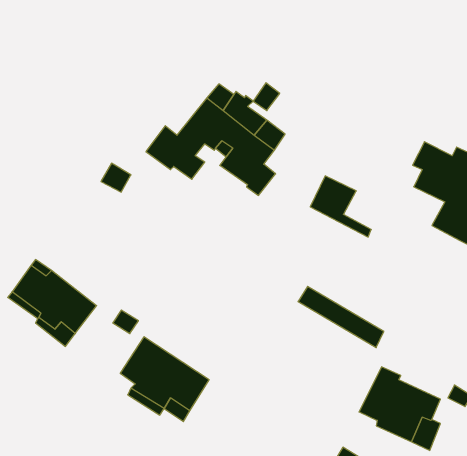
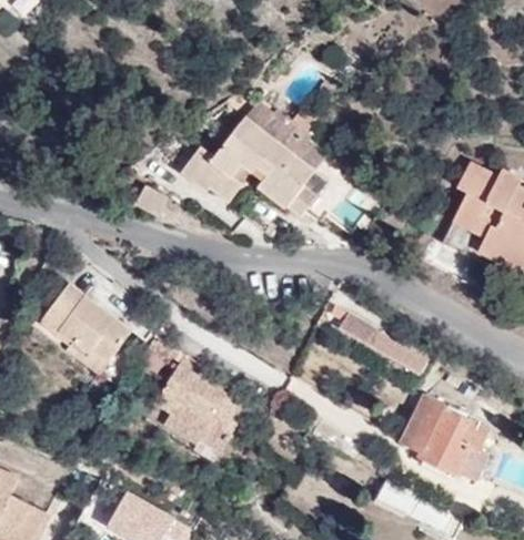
building: [310,176,371,237] -> [443,208,506,272]

